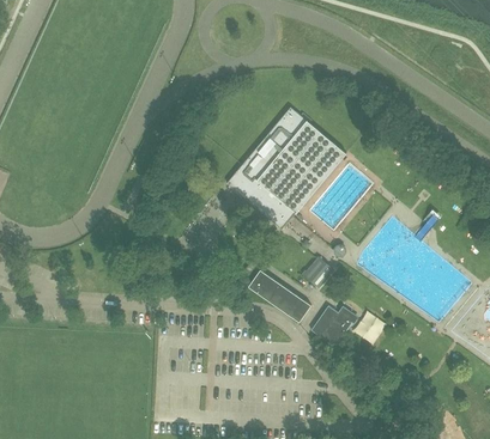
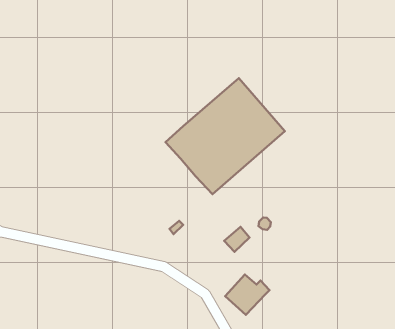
building: [248,269,310,322] -> none

